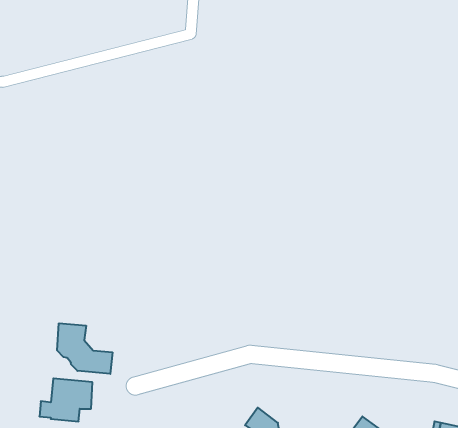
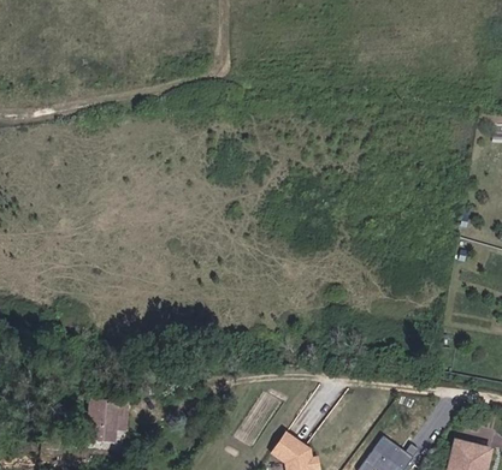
building: [57,323,112,374] -> none

